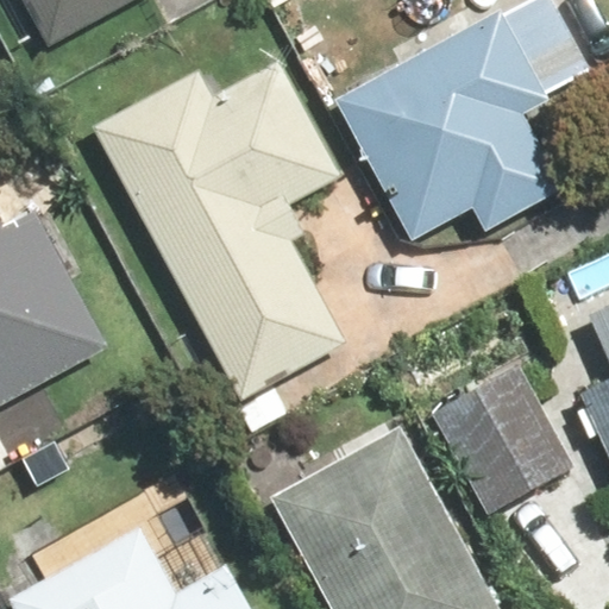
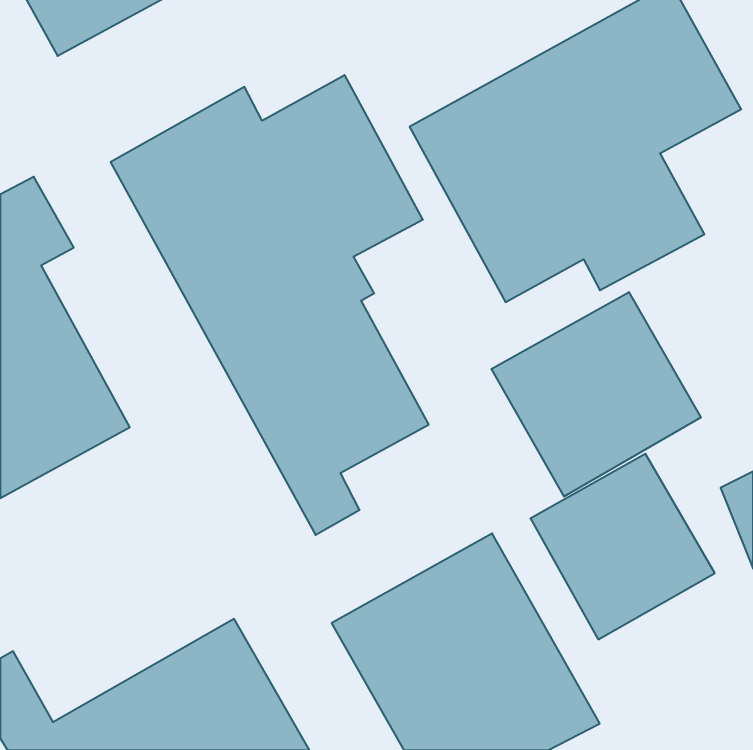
building: none -> [491,292,701,497]

